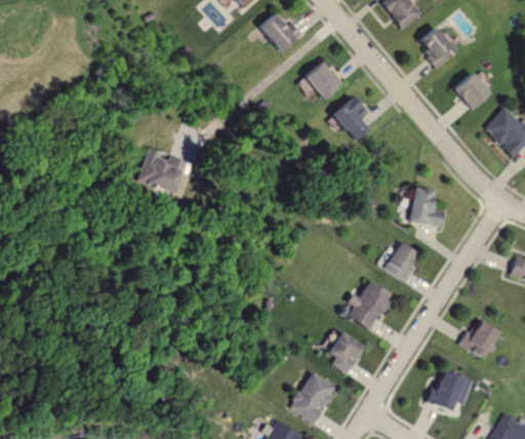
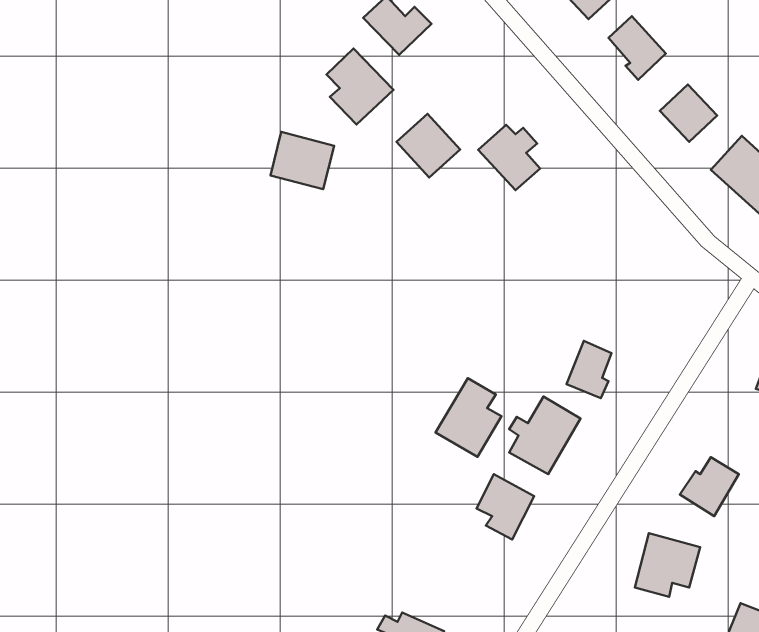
building: none -> [326,48,394,124]
building: [300,59,342,102] -> [397,114,460,178]
building: [144,155,186,193] -> [270,132,334,189]
building: [409,187,446,226] -> none
building: none -> [435,378,501,457]
building: [293,371,341,423] -> none

